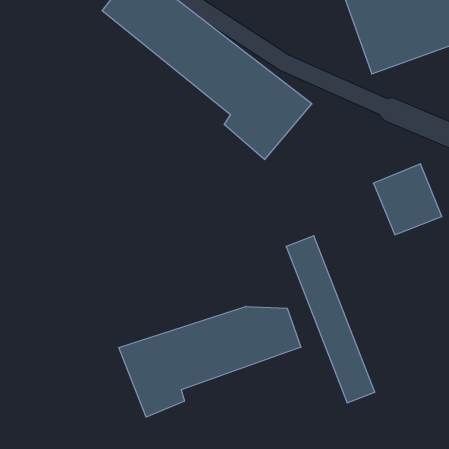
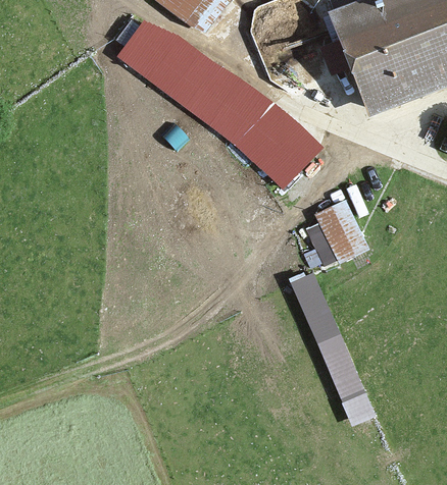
building: [373,164,442,235] -> [302,198,367,265]
building: [119,306,301,417] -> none

